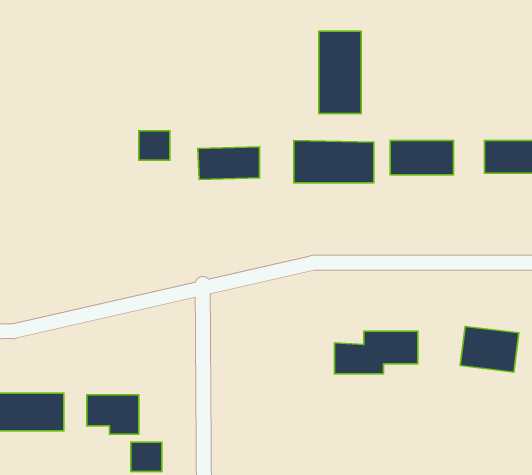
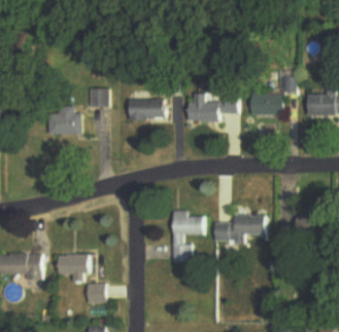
building: [319,31,361,113] -> none
building: none -> [47,104,80,134]
building: none -> [171,210,203,260]

